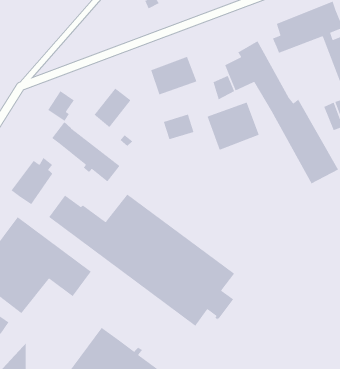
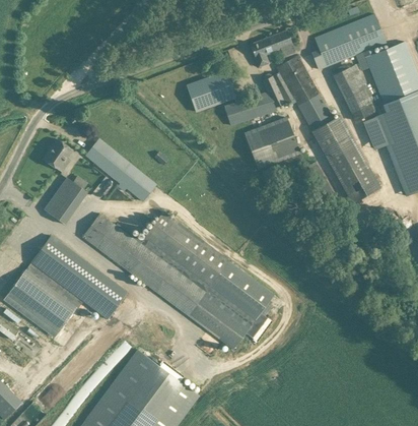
building: none -> [250,31,295,67]
building: none -> [334,63,375,119]
building: [93,88,132,128] -> none
building: [47,90,75,122] -> [44,139,72,172]
building: [163,114,194,140] -> [224,98,257,125]

